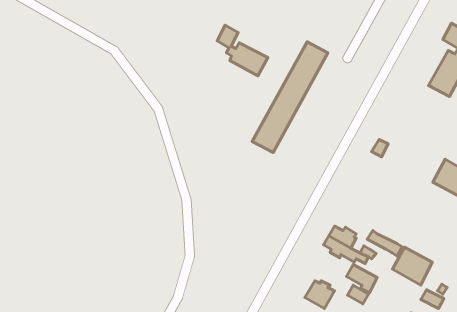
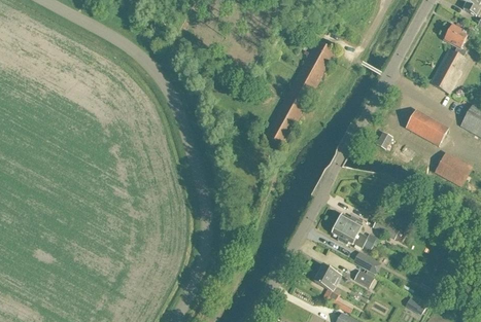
building: [217,25,268,76] -> none
building: none -> [406,109,449,146]
building: [392,247,432,285] -> none

